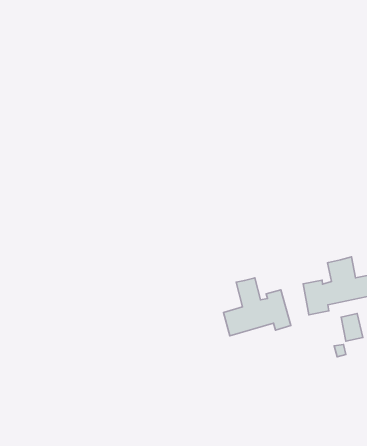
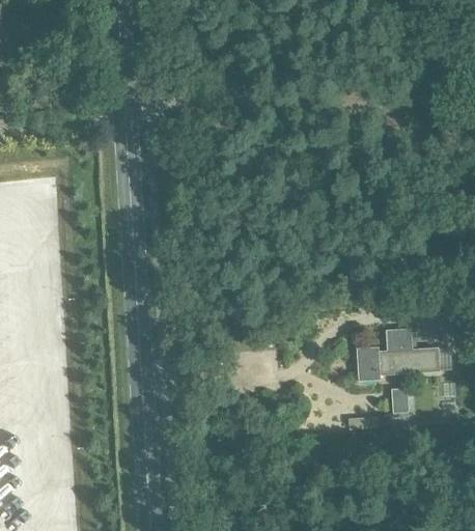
building: [224,278,291,336] -> none

